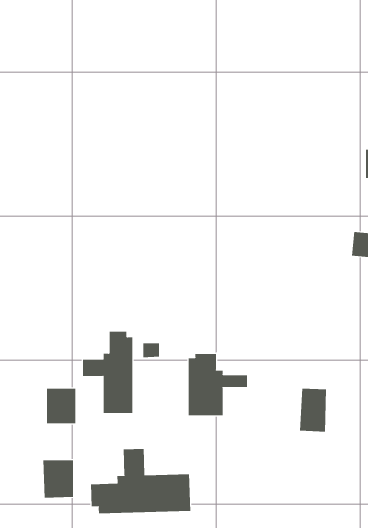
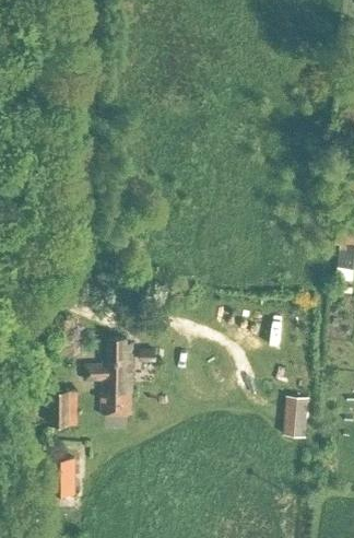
building: [188,353,247,416] -> none
building: [90,448,191,514] -> none

